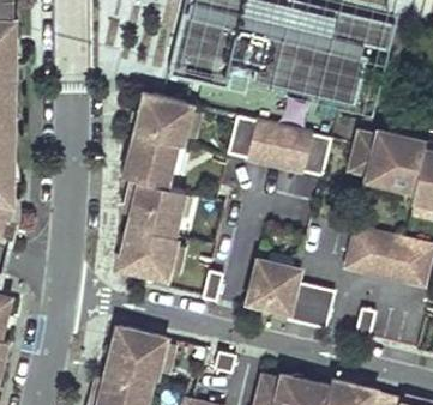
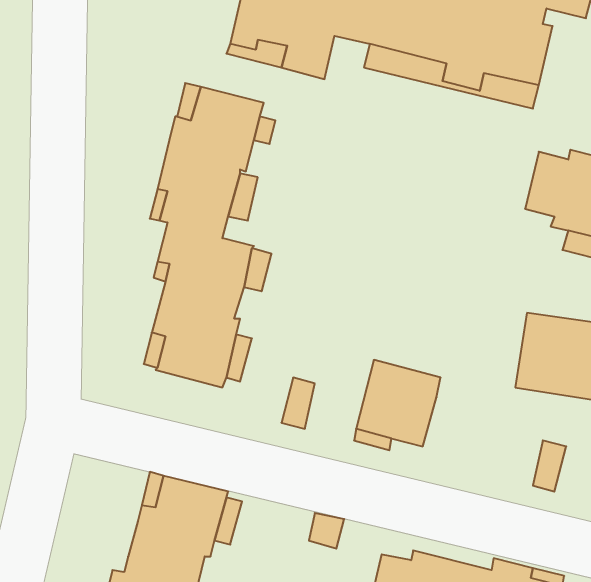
building: [227,115,330,176] -> none
building: [285,282,333,328] -> none

